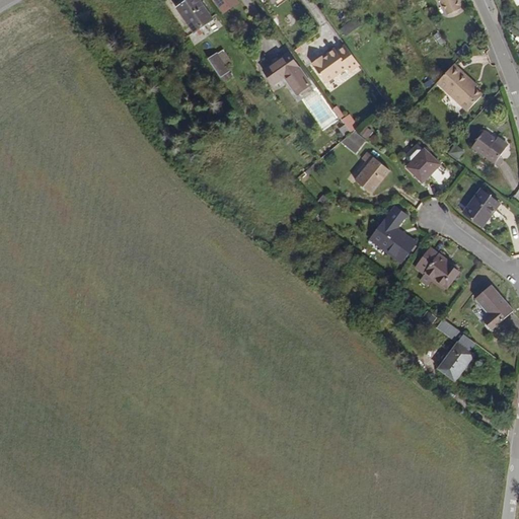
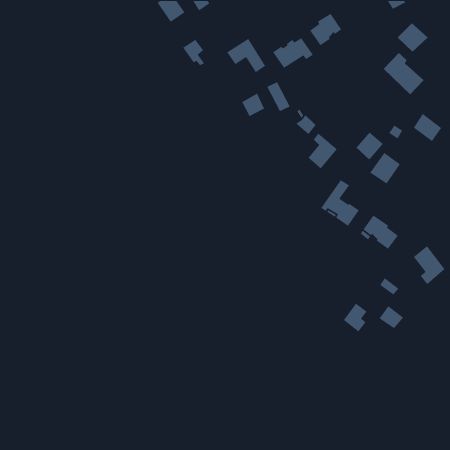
building: none -> [309,13,342,46]
building: none -> [397,23,428,52]
building: none -> [241,93,265,117]
building: [464,191,501,228] -> [369,152,401,184]
building: [445,331,473,366] -> [343,303,367,333]

